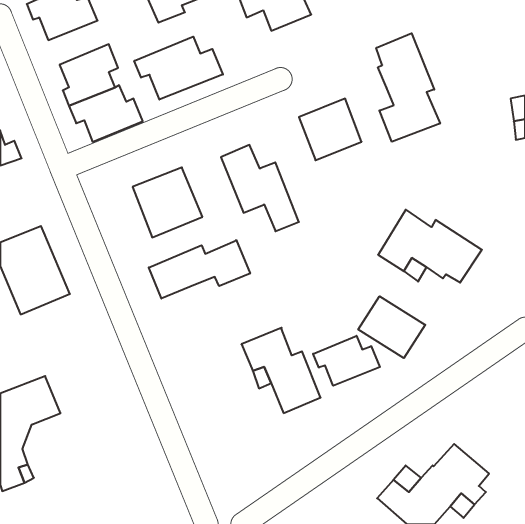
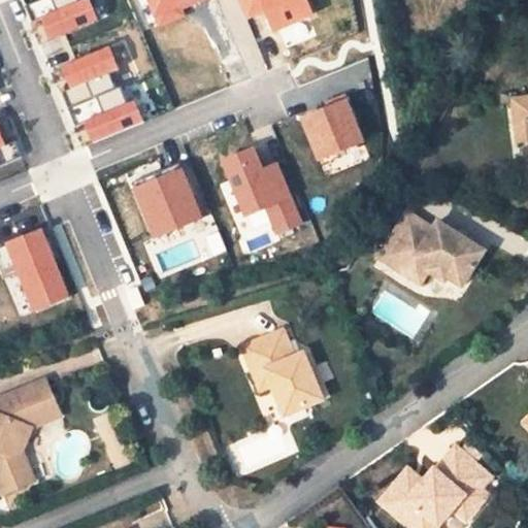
building: [376,33,440,142] -> none
building: [134,37,223,100] -> none
building: [149,240,250,299] -> none
building: [358,296,425,358] -> none
building: [313,336,380,386] -> none

